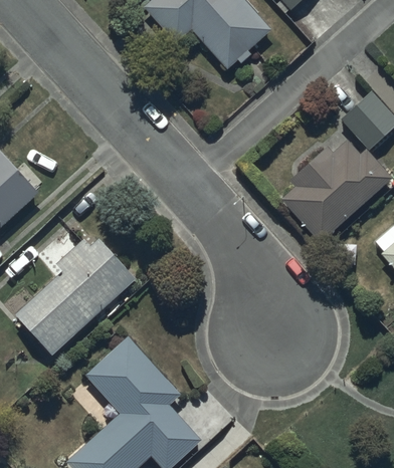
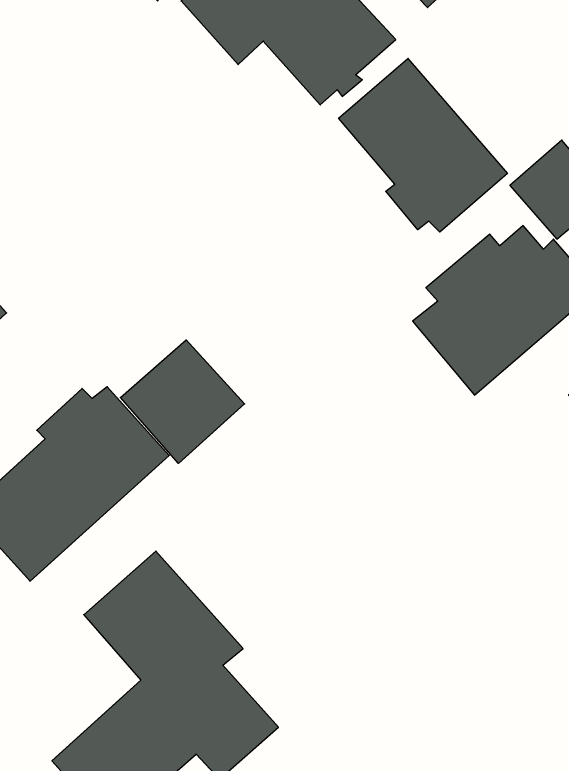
building: none -> [339,58,507,232]
building: none -> [120,340,245,463]

